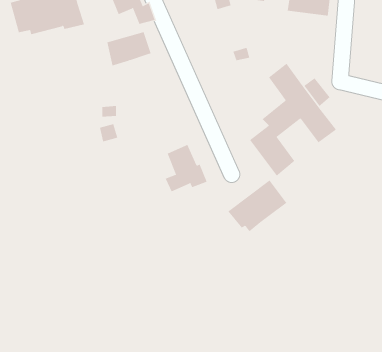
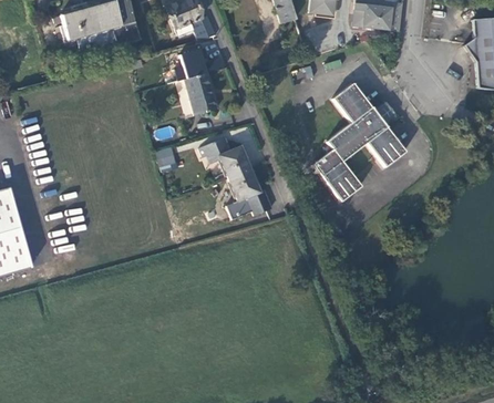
building: none -> [186,71,219,113]
building: none -> [198,135,248,176]
building: [228,180,287,232] -> none

